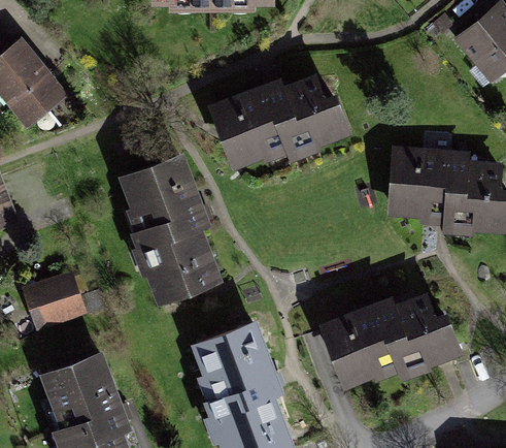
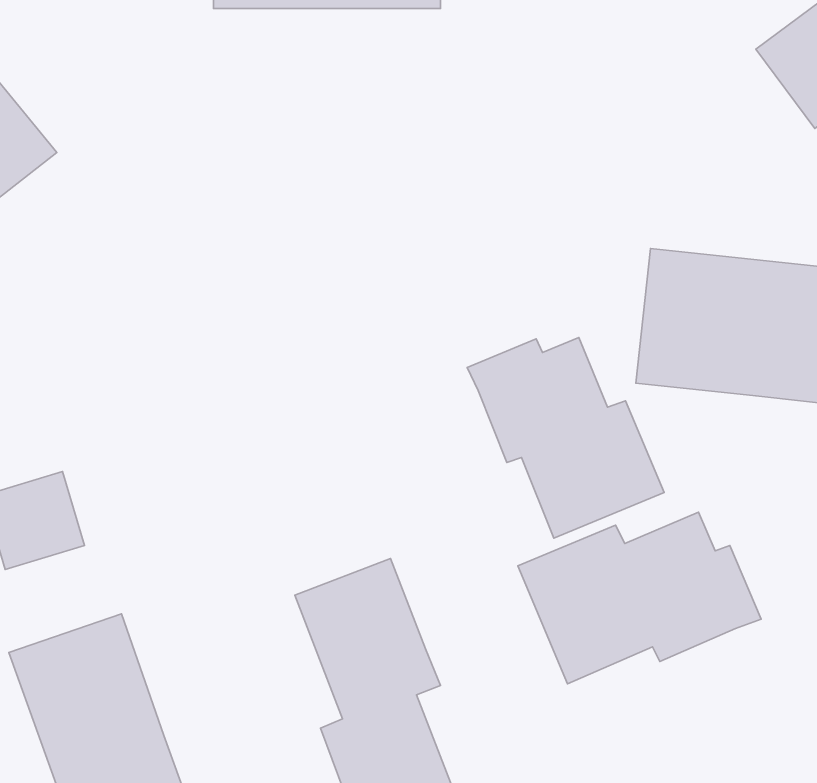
building: [212,70,356,177] -> none
building: [122,154,213,306] -> none
building: none -> [467,338,664,538]

